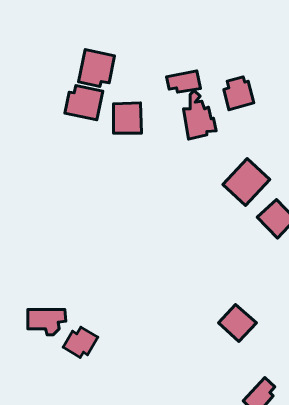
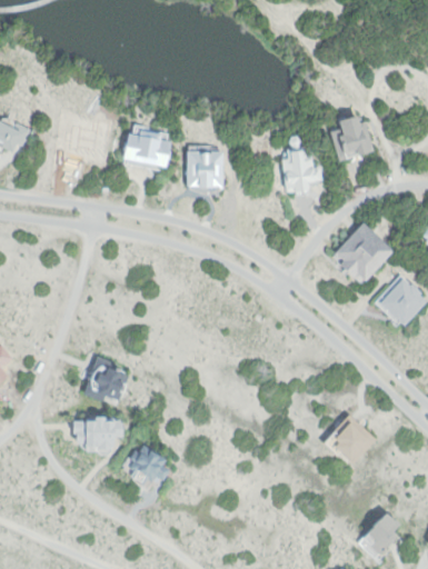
building: [78,49,115,86] -> none
building: [167,71,201,92] -> none
building: none -> [84,357,131,403]

